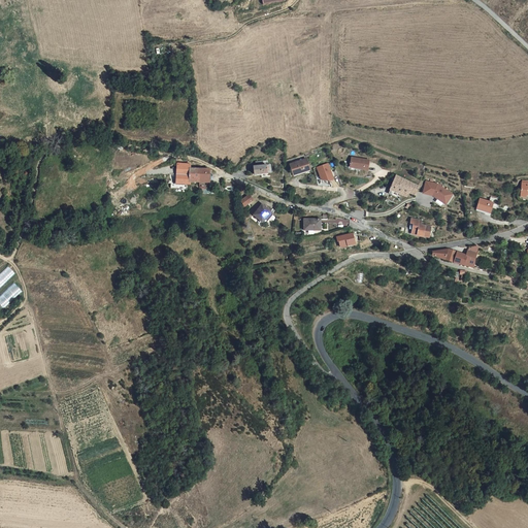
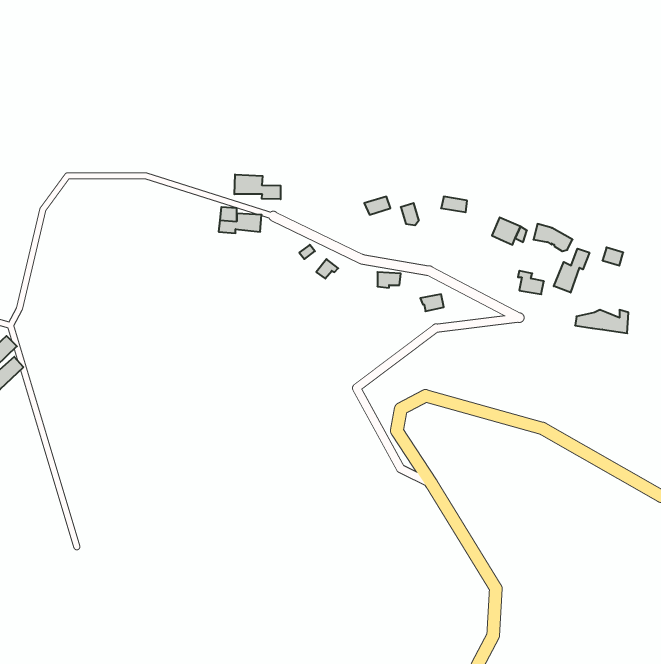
building: none -> [234,174,281,199]
building: none -> [554,249,589,293]

